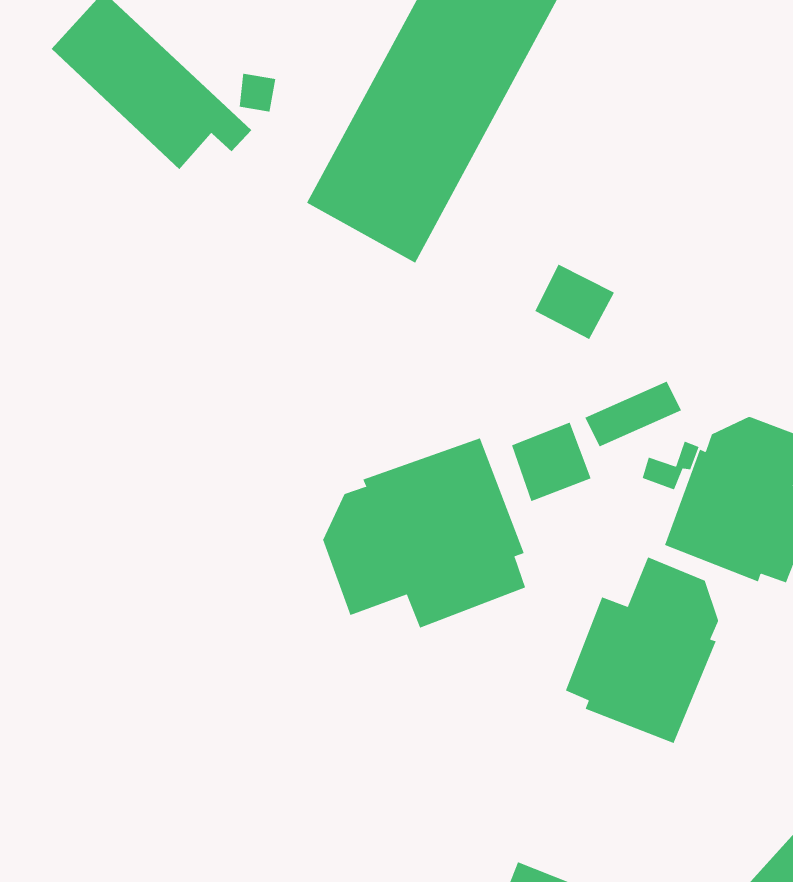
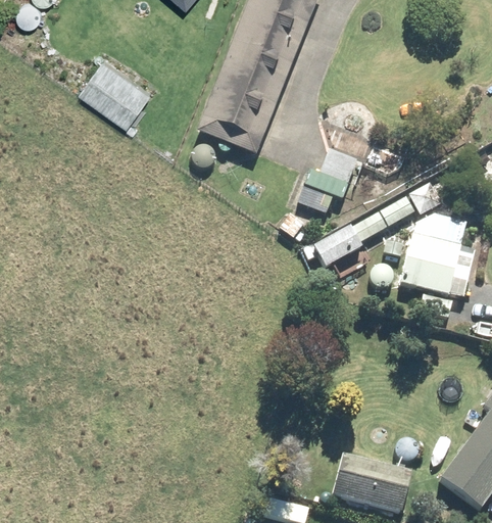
building: [322,437,526,628] -> none
building: [565,556,719,744] -> none

